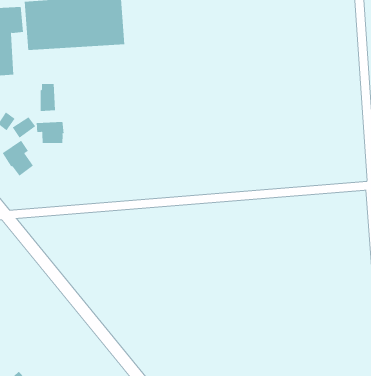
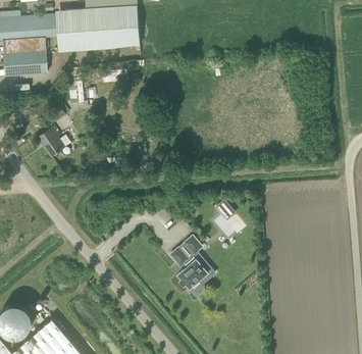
building: [36,121,64,144] -> none
building: none -> [169,236,214,288]

